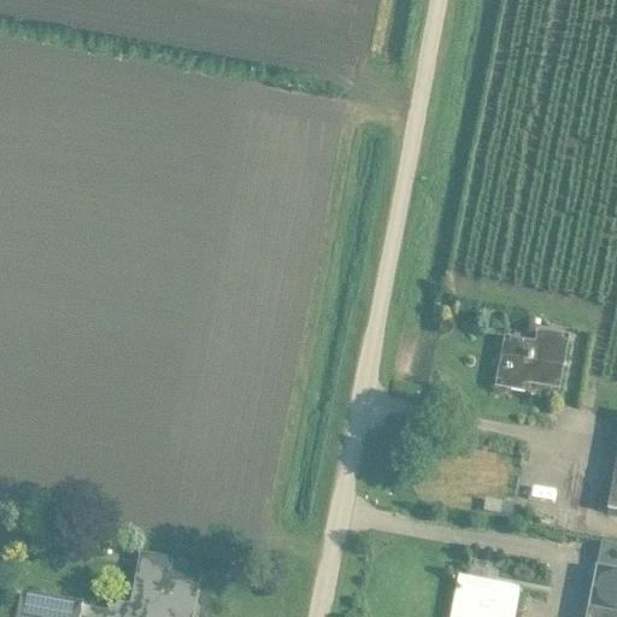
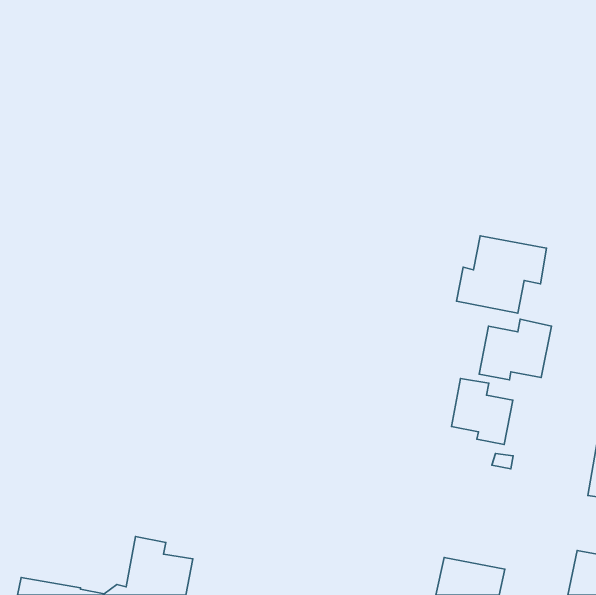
building: none -> [456,236,546,313]
building: none -> [451,378,513,445]

